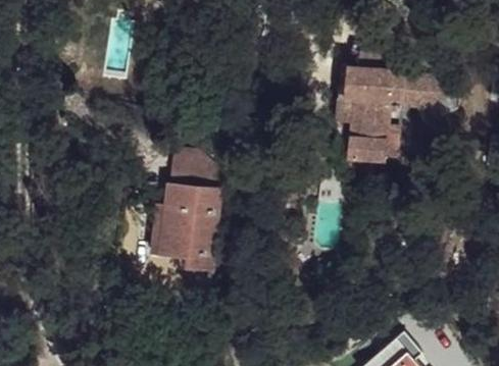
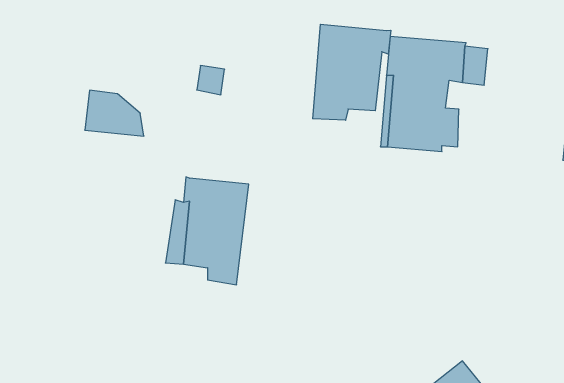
building: none -> [313,24,391,120]
building: [173,151,223,190] -> [85,90,144,136]

